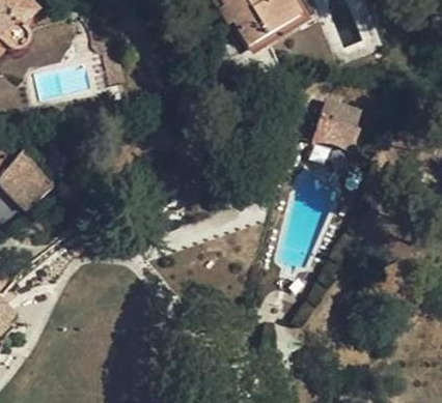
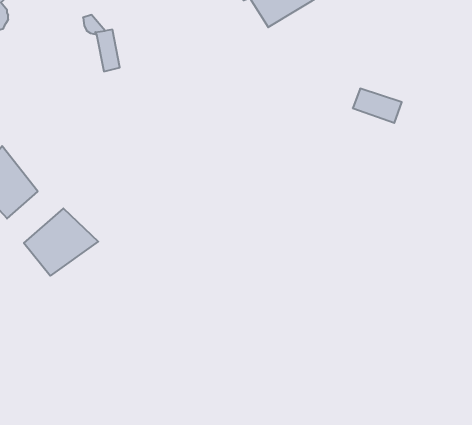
building: [311,114,360,152] -> none
building: none -> [24,208,98,276]

